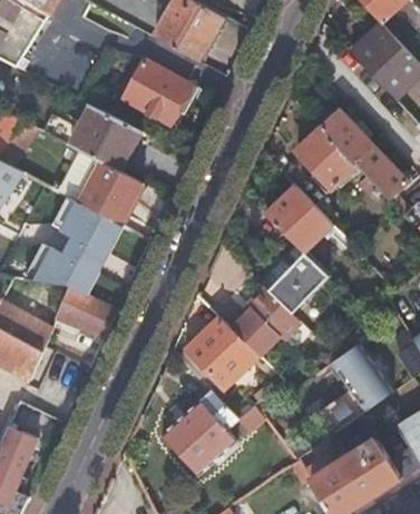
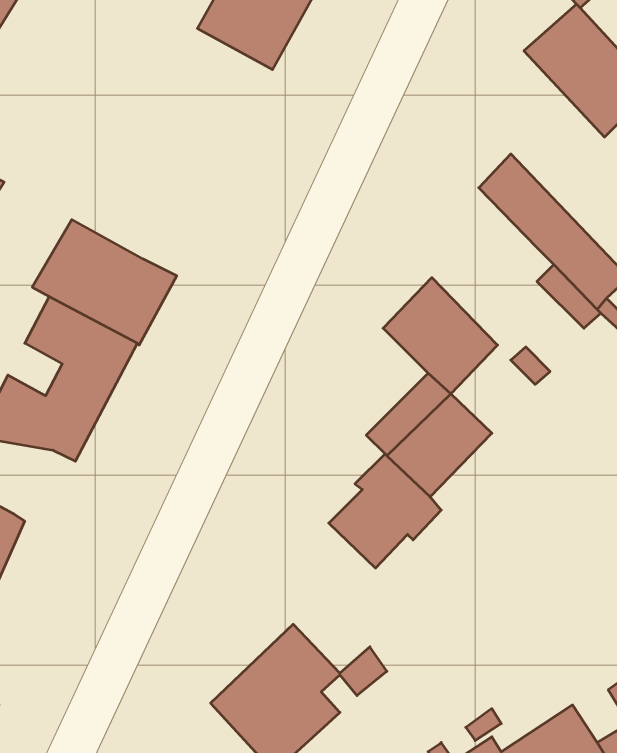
building: [121,58,192,126] -> none
building: [43,106,143,174] -> none
building: [296,131,355,191] -> none
building: [53,287,115,336] -> none
building: [185,318,260,394] -> none
building: [319,346,393,436] -> none

